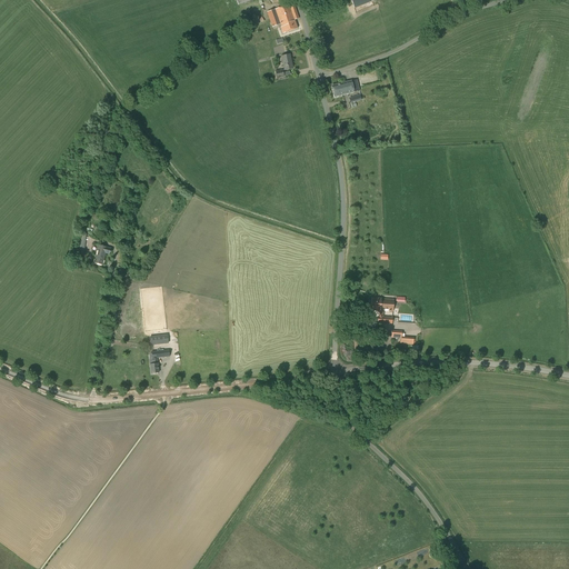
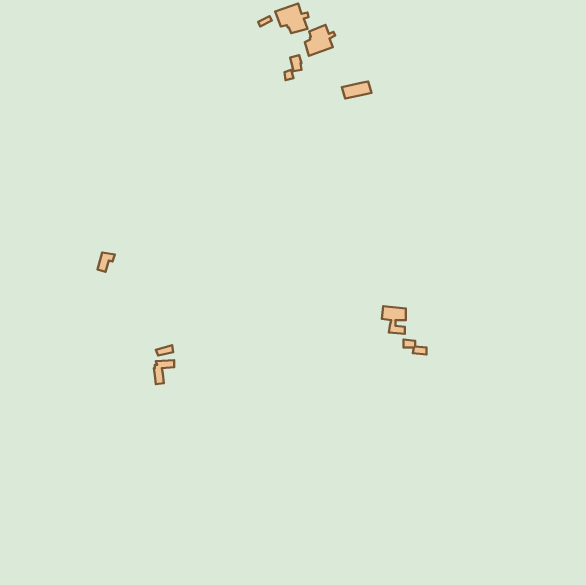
building: none -> [305,25,335,56]

